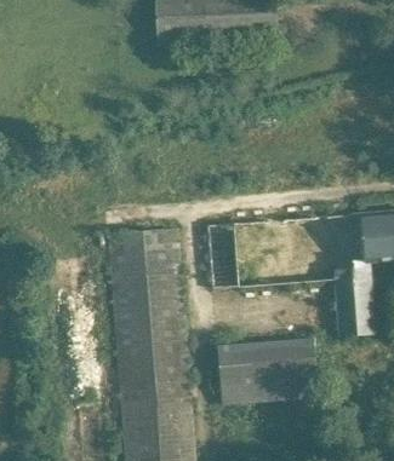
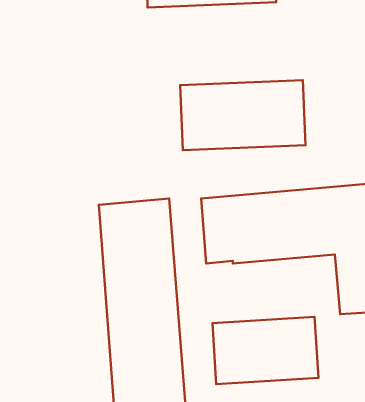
building: none -> [180,80,306,150]

